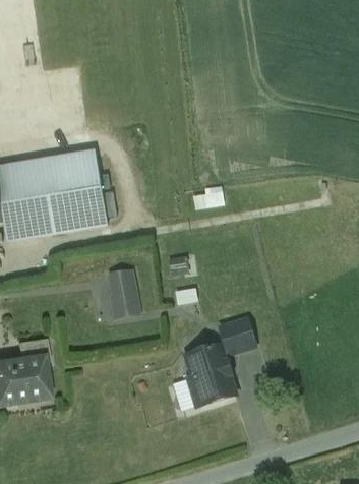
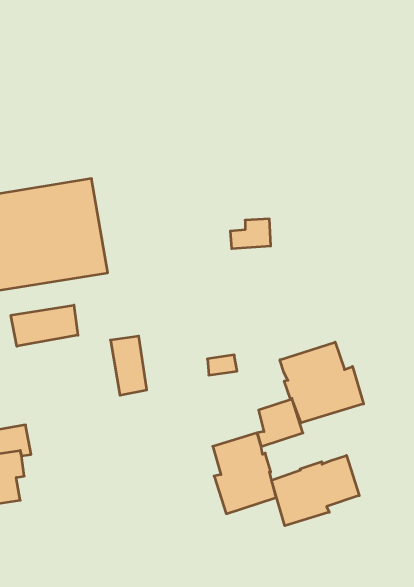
building: none -> [11,305,78,346]
building: none -> [280,342,364,423]
building: none -> [271,455,359,526]

